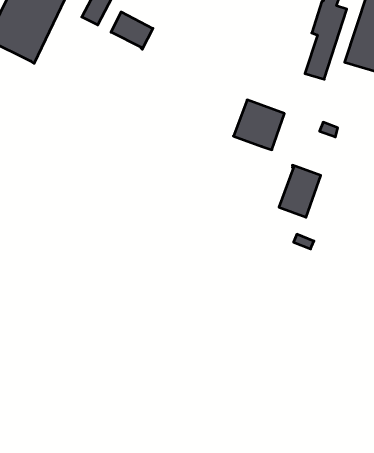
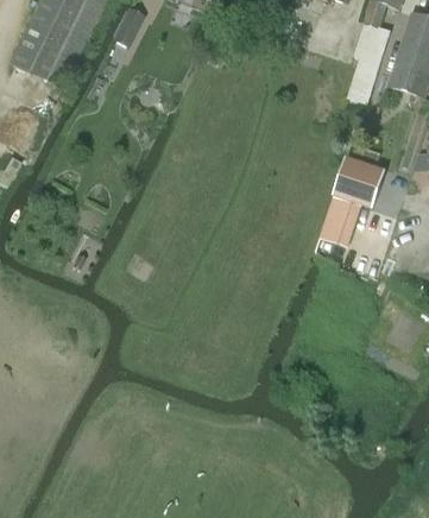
building: [111,12,153,49] -> none
building: [233,100,284,150] -> [333,154,386,207]

